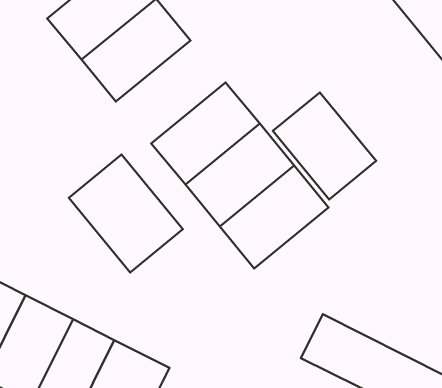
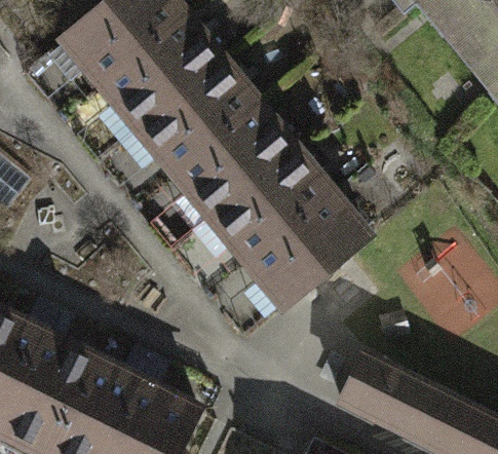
building: none -> [141,59,259,169]
building: [273,92,376,199] -> none
building: [69,154,183,272] -> none

